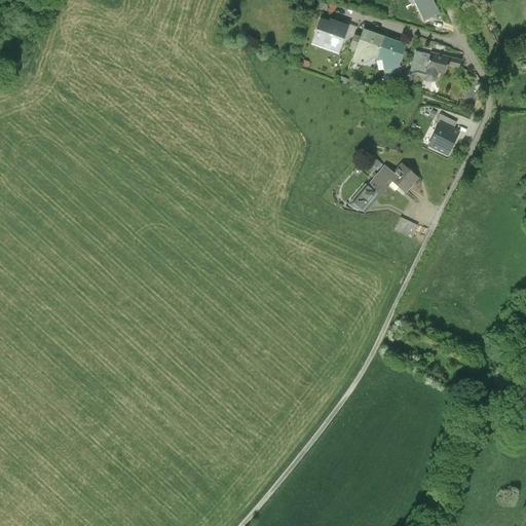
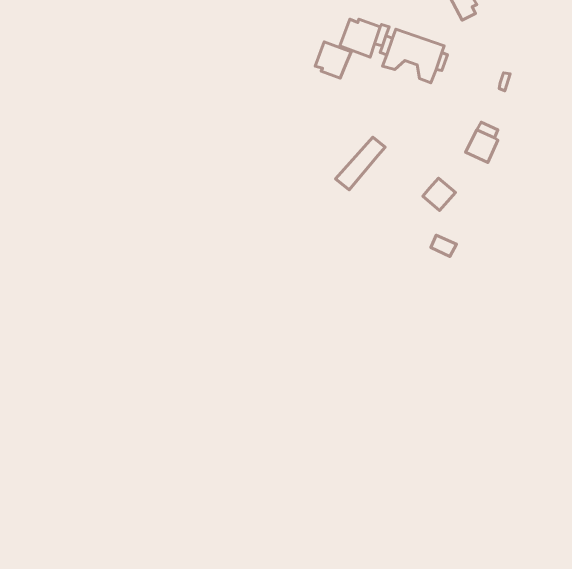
building: none -> [315,42,351,78]
building: [404,49,460,81] -> none
building: [349,163,394,212] -> [336,137,385,190]

